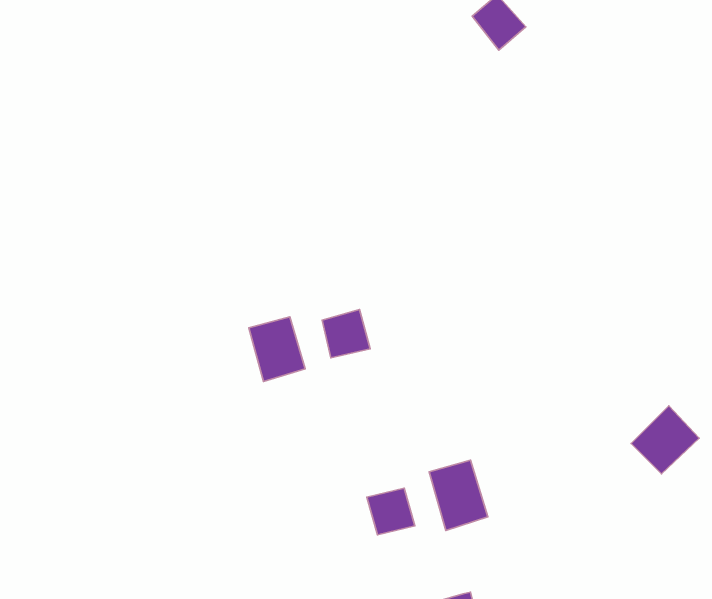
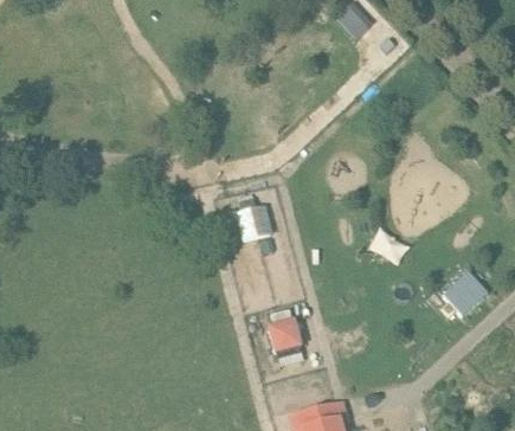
building: [249,317,305,381] -> none
building: [429,460,488,531] -> none

